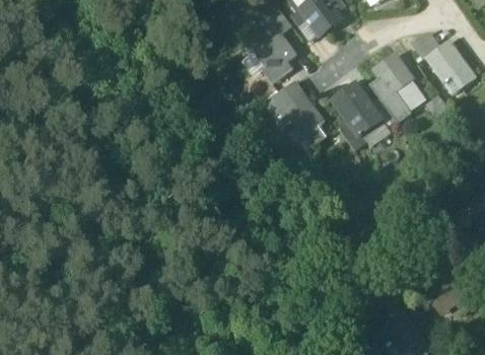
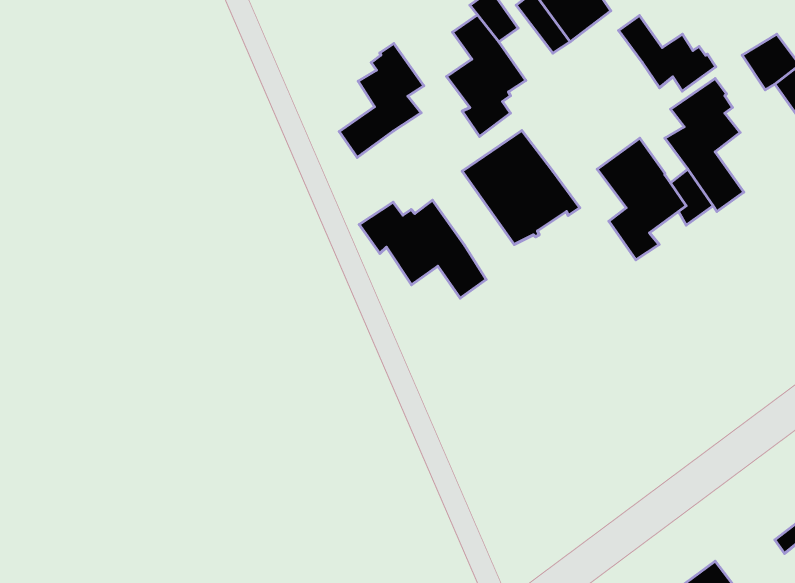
building: none -> [619,16,716,91]
building: none -> [339,44,424,157]
building: none -> [359,200,486,298]

